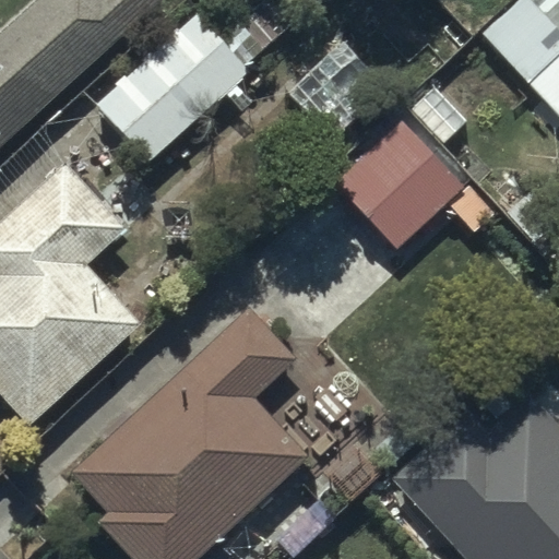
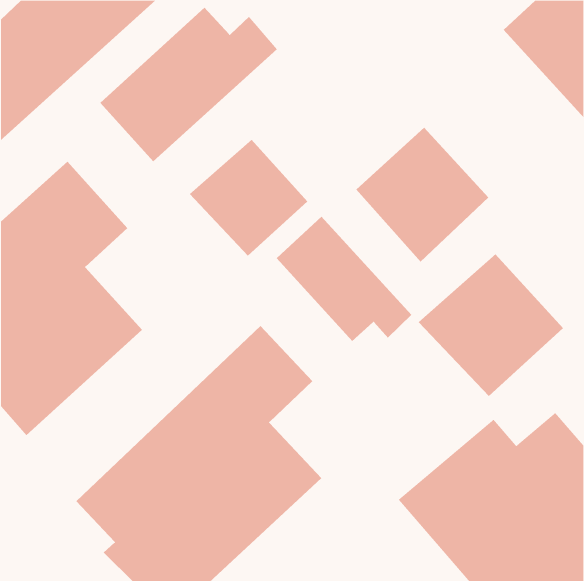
building: none -> [189,139,308,257]
building: none -> [276,216,412,342]
building: none -> [418,253,564,397]

